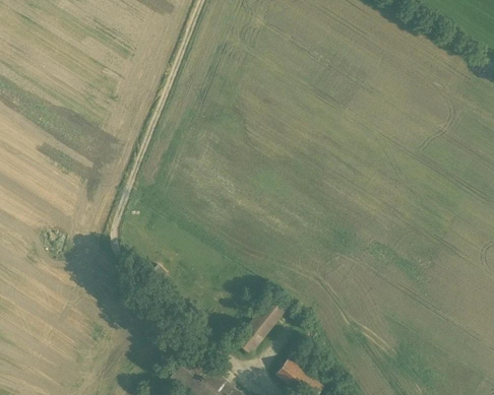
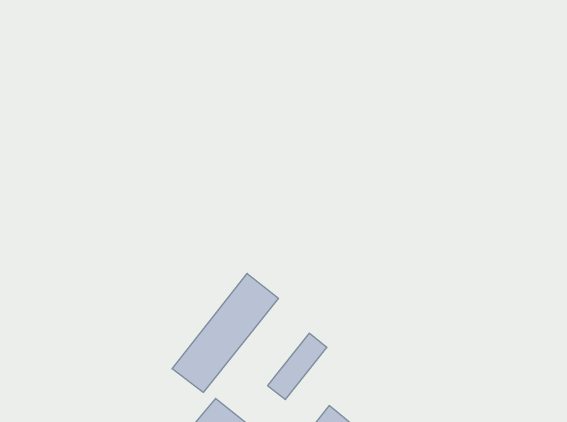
building: none -> [172,273,278,392]

